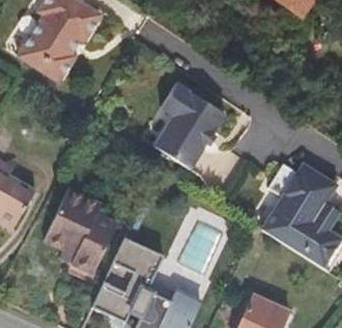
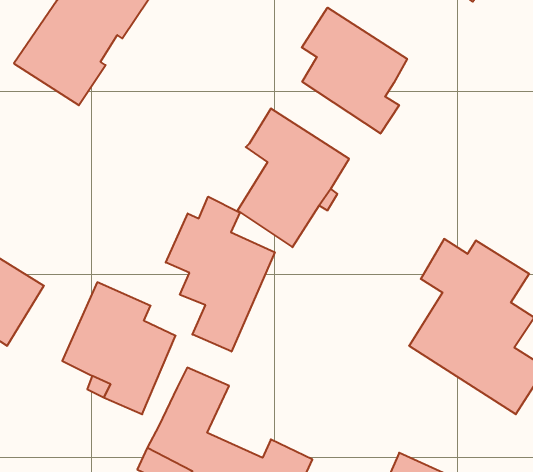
building: none -> [302,8,407,134]
building: none -> [166,197,275,352]

